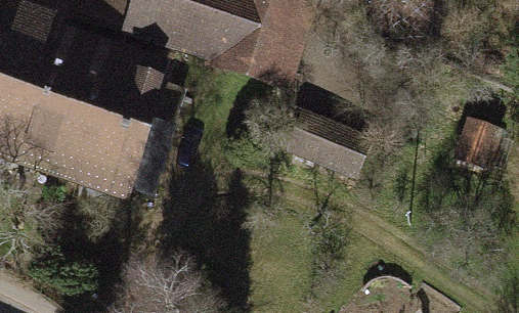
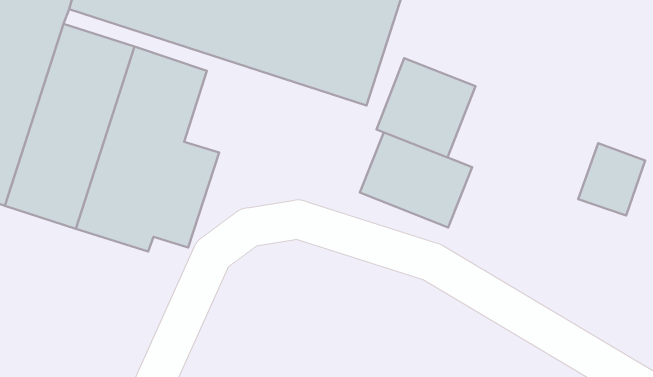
building: none -> [376,58,475,157]

